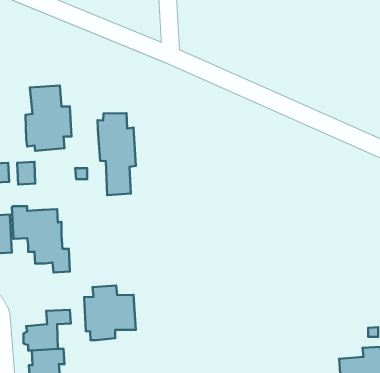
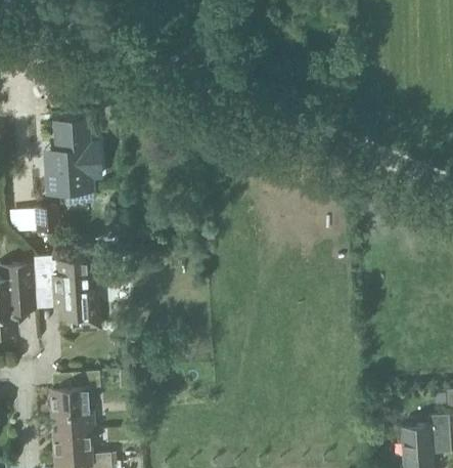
building: [98,113,136,195] -> none
building: [84,286,136,340] -> none

